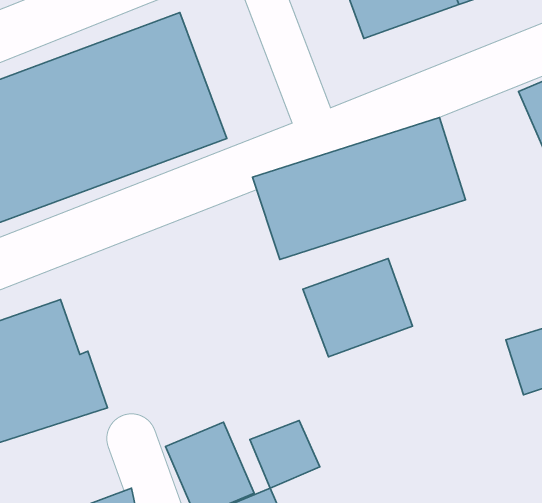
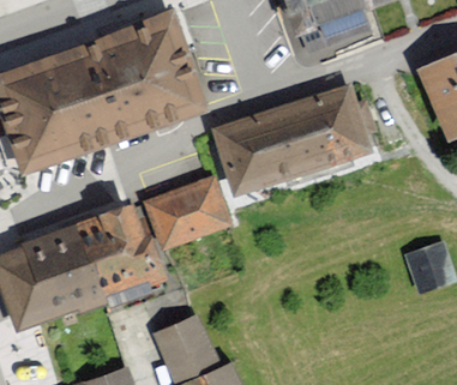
building: [303,258,412,357] -> [150,174,231,247]
building: none -> [74,204,168,308]
building: [250,420,320,488] -> none

